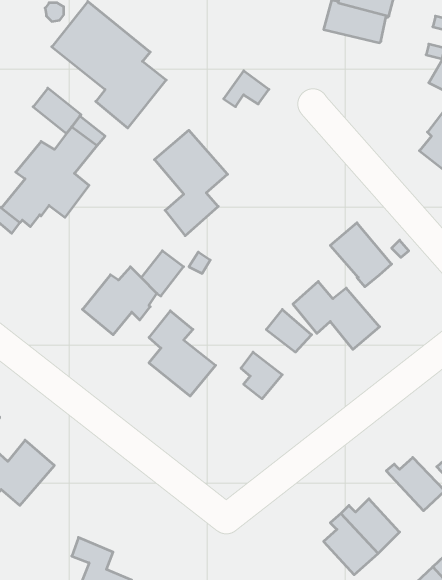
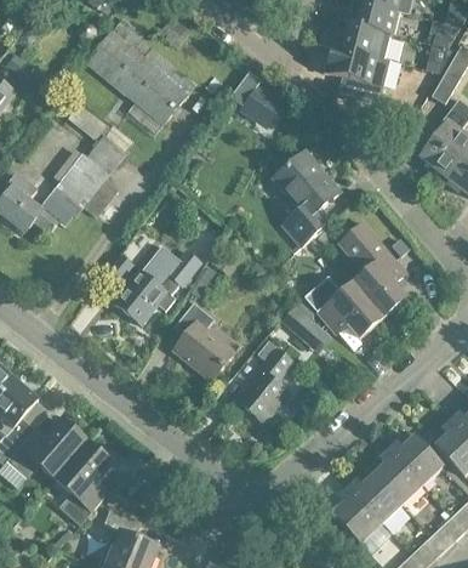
building: none -> [326,46,389,102]
building: [154,130,228,236] -> [273,152,339,248]
building: none -> [353,269,406,317]
building: none -> [235,369,289,422]
building: none -> [56,443,113,524]
building: none -> [373,448,423,504]

